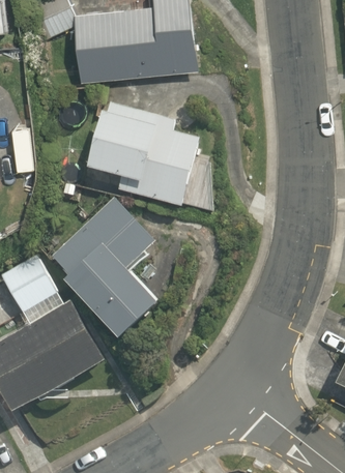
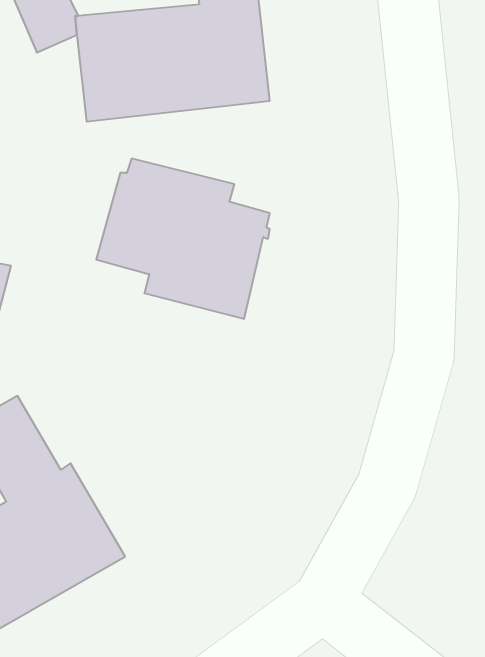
building: [50,200,157,341] -> none

